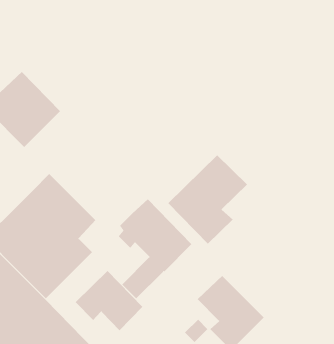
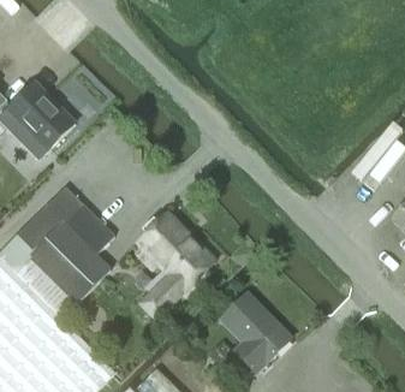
building: [168,154,248,244] -> none
building: [75,270,143,331] -> none

